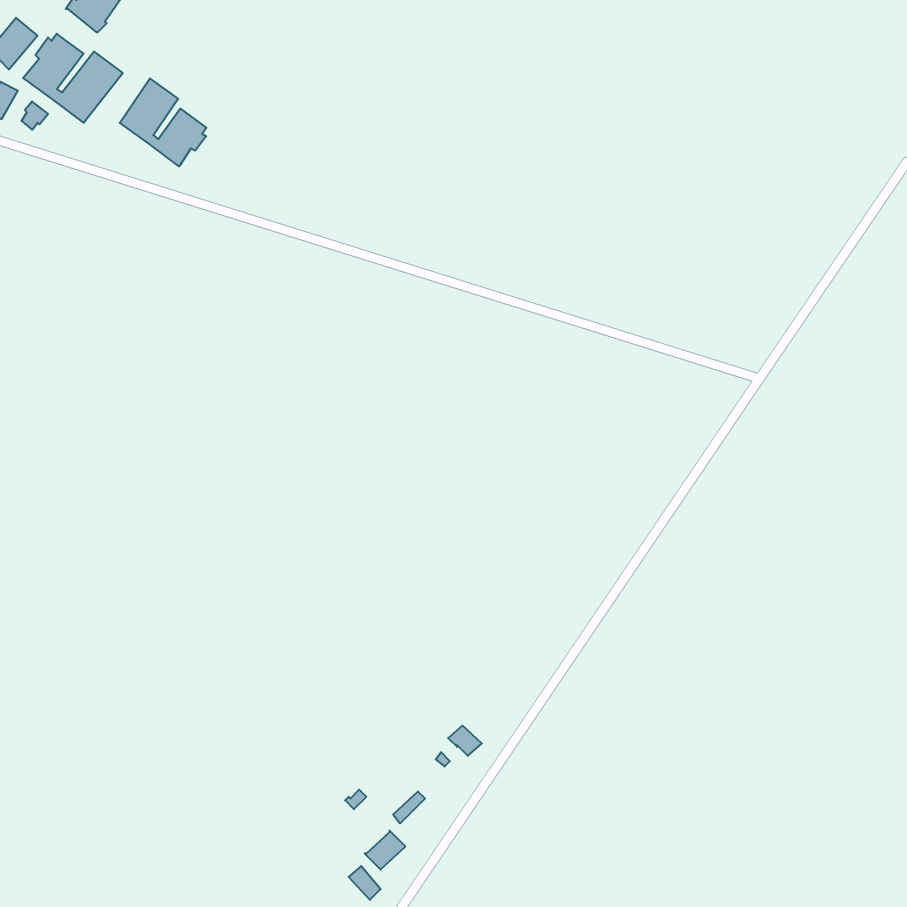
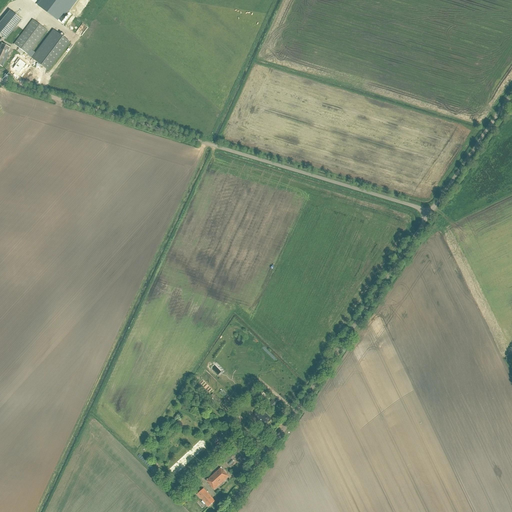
building: [120,78,206,166] -> none

